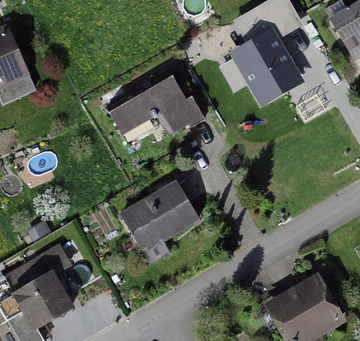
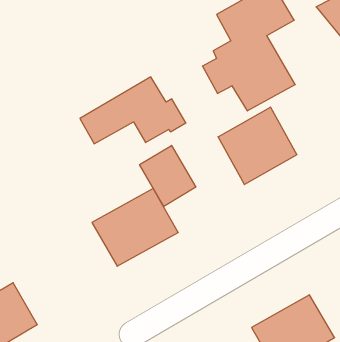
building: none -> [218,107,297,185]
building: none -> [140,145,196,206]

